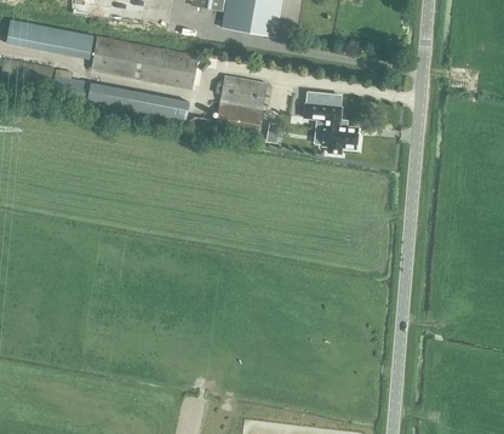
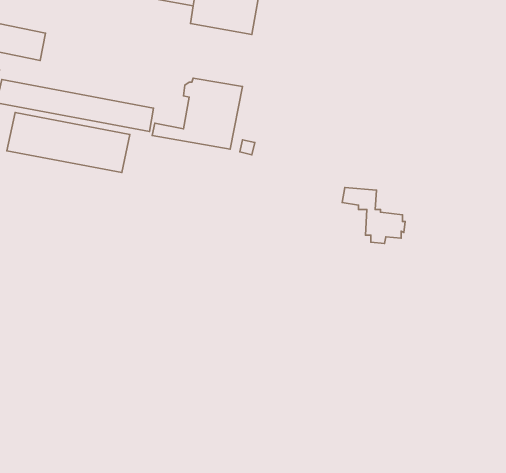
building: [91,36,200,90] -> [7,112,130,173]
building: [304,103,360,153] -> [342,187,405,244]

